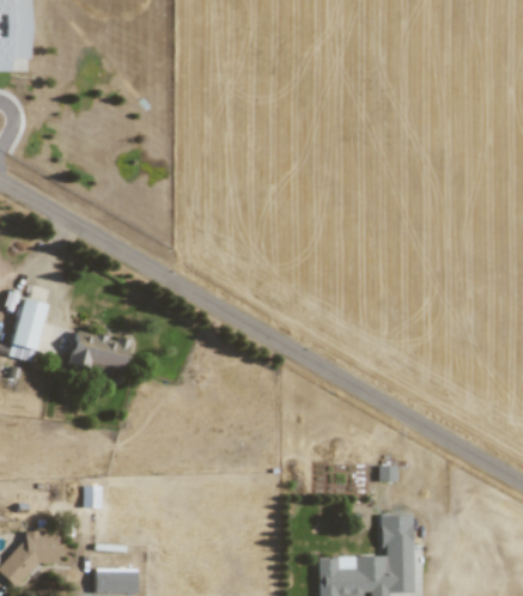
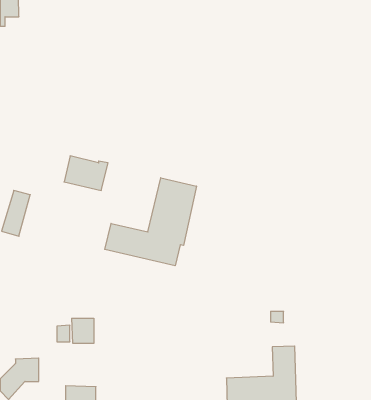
building: none -> [105,178,196,266]
building: [69,329,130,377] -> [64,156,108,190]
building: none -> [72,318,94,343]

